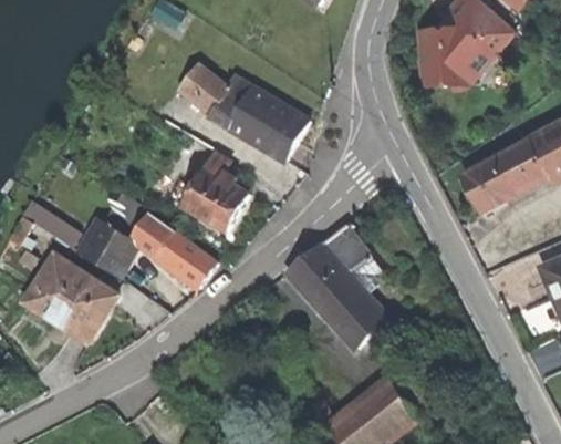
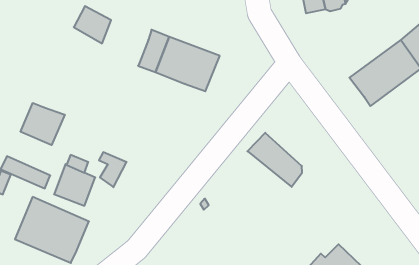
building: [178,63,225,112] -> [74,6,111,43]
building: none -> [21,103,65,145]
building: [181,149,248,230] -> none
building: [153,229,215,288] -> none
building: [285,240,389,348] -> none

